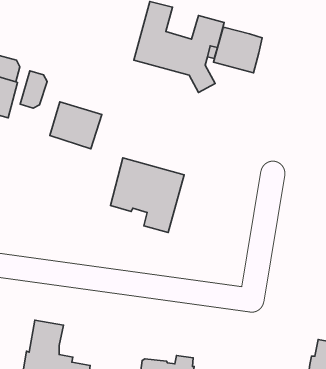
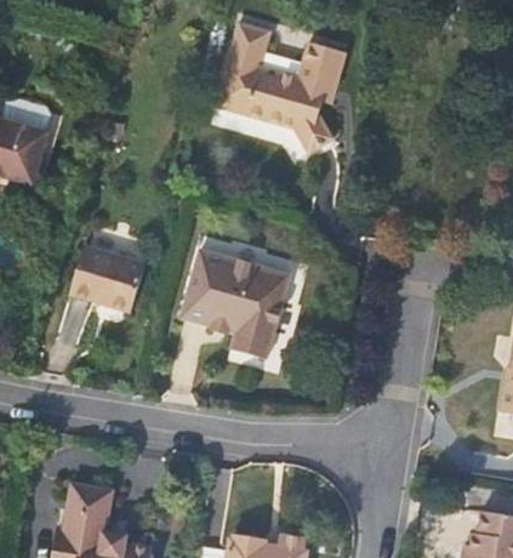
building: [214,28,262,73] -> none
building: [20,71,47,108] -> none
building: [50,102,102,149] -> [68,247,143,315]

